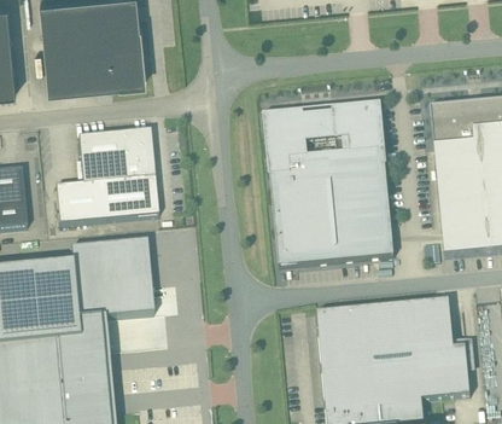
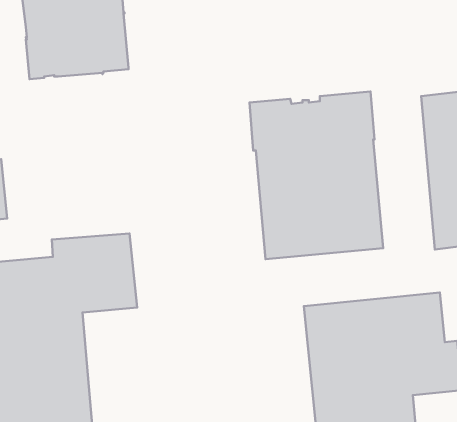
building: [56,128,158,221] -> none

